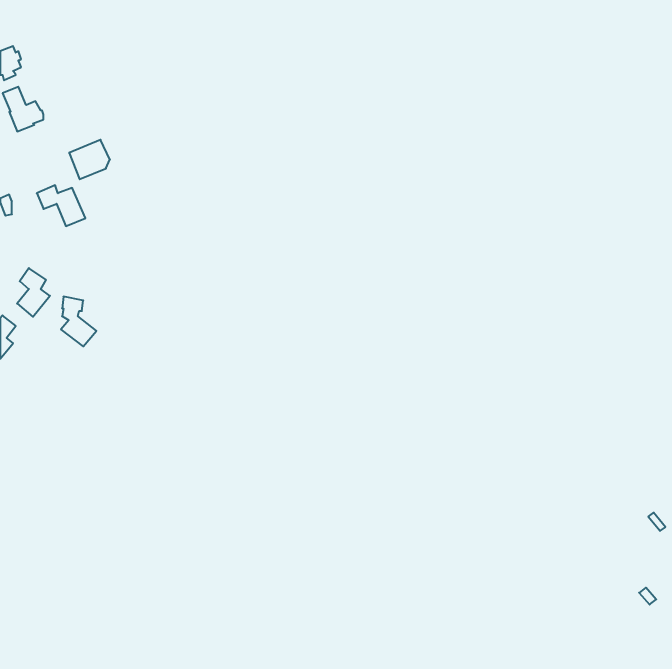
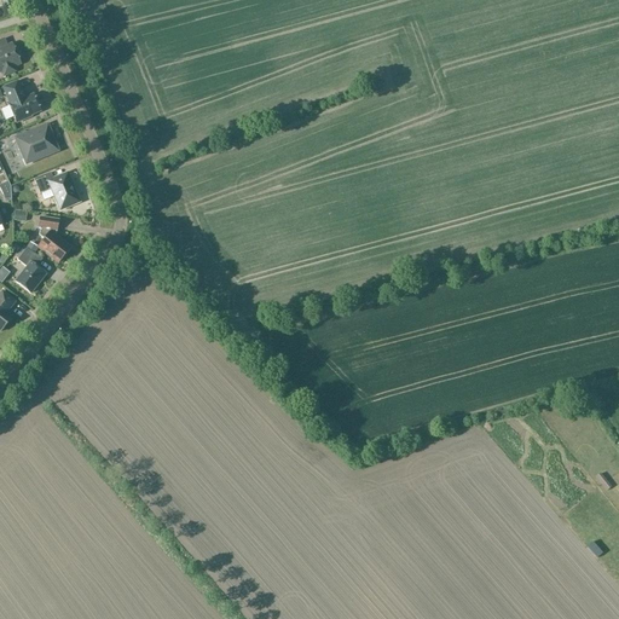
building: [69,140,110,179] -> [17,125,54,161]
building: [61,297,96,346] -> [37,215,70,261]

